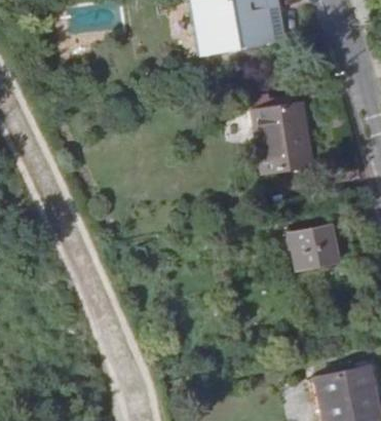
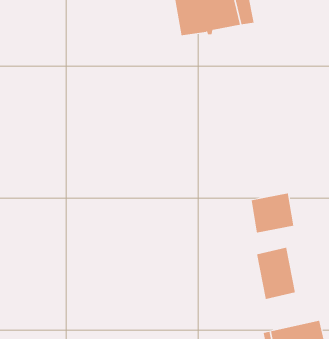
building: [259,103,311,167] -> none
building: none -> [257,247,296,300]

